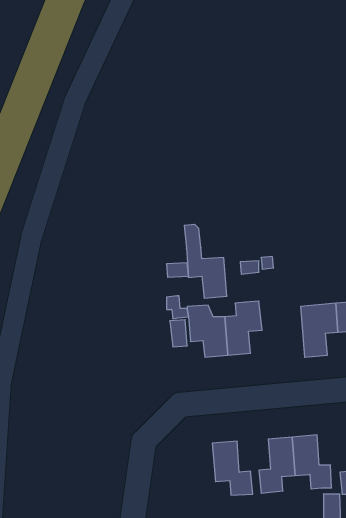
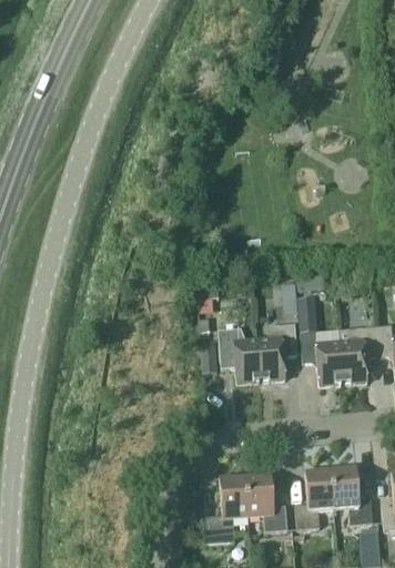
building: [184,224,227,298] -> [297,306,343,385]
building: none -> [202,475,247,542]

